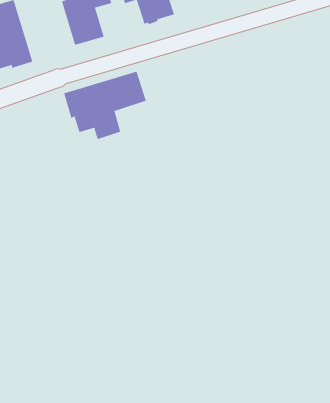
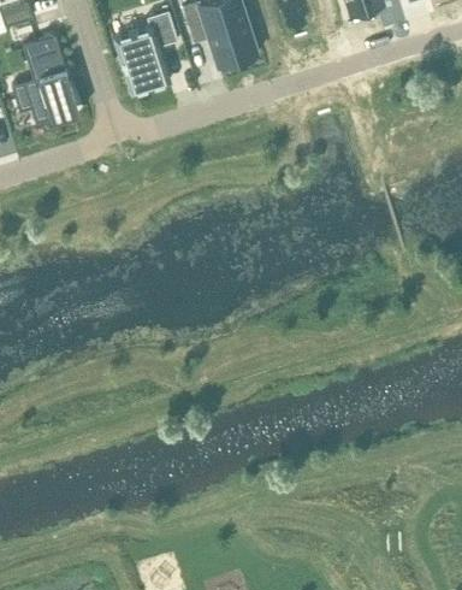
building: [63,71,146,140] -> none

